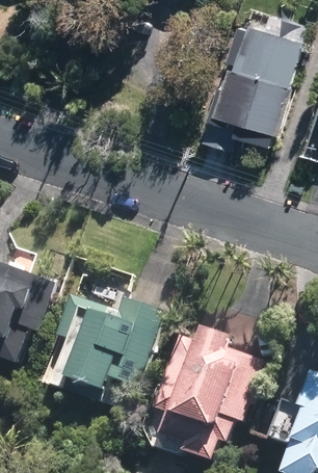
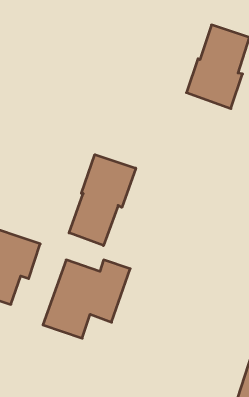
building: none -> [69,155,136,246]
building: [161,332,255,454] -> none

